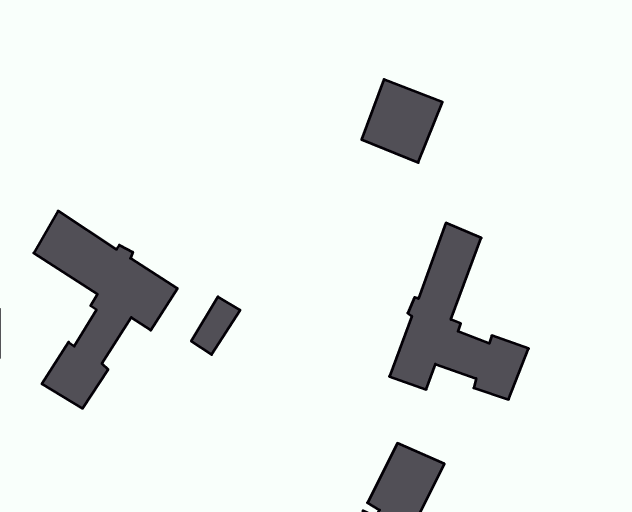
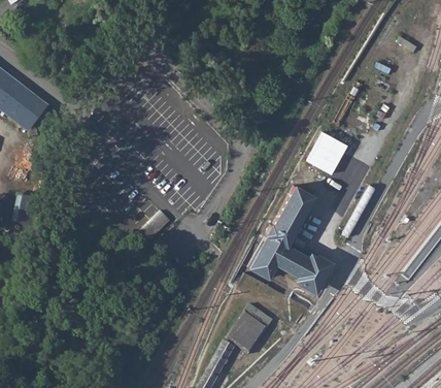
building: [362,79,442,163] -> [307,130,355,180]
building: [34,211,177,408] -> none

